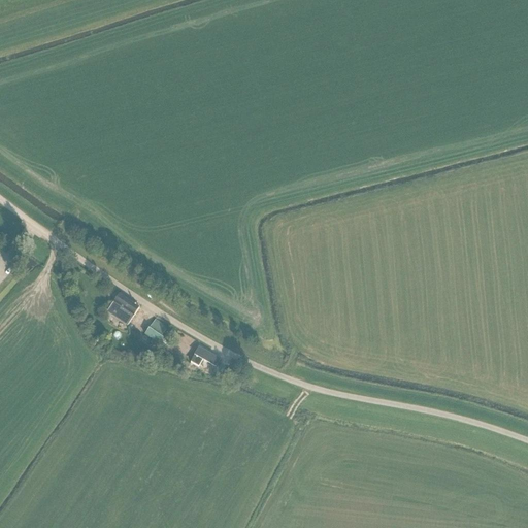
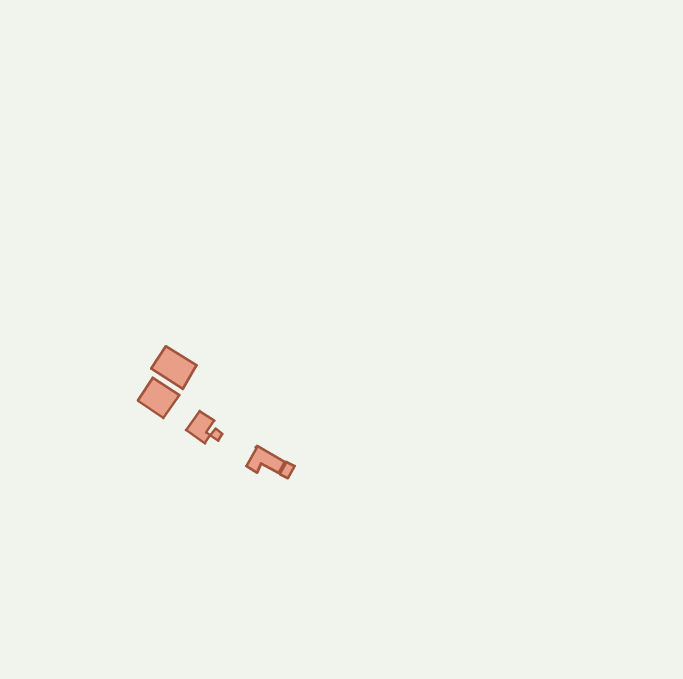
building: none -> [151,346,197,389]

